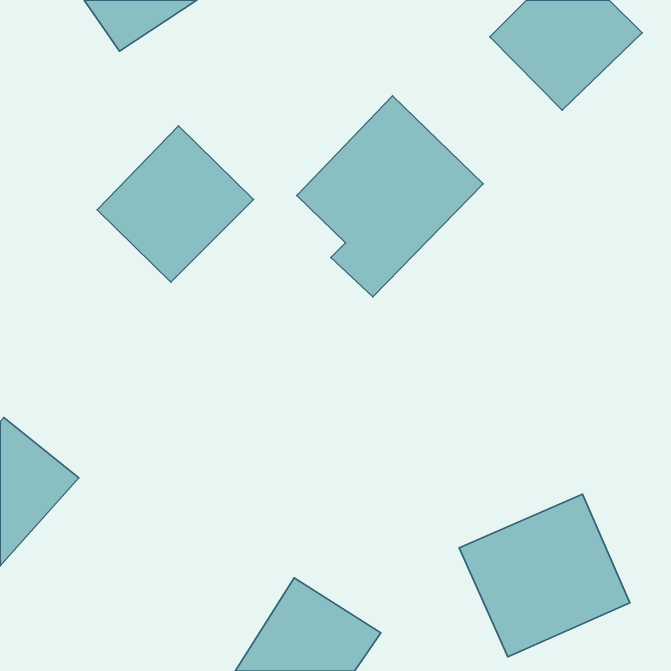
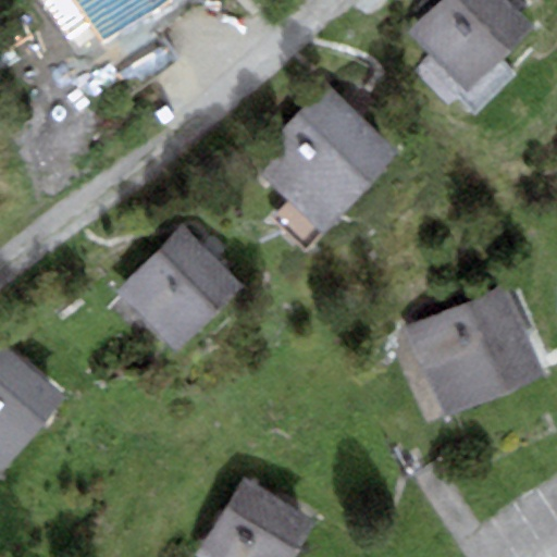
building: [97,126,253,282] -> [113,224,243,354]
building: [459,494,630,657] -> [401,284,543,419]

